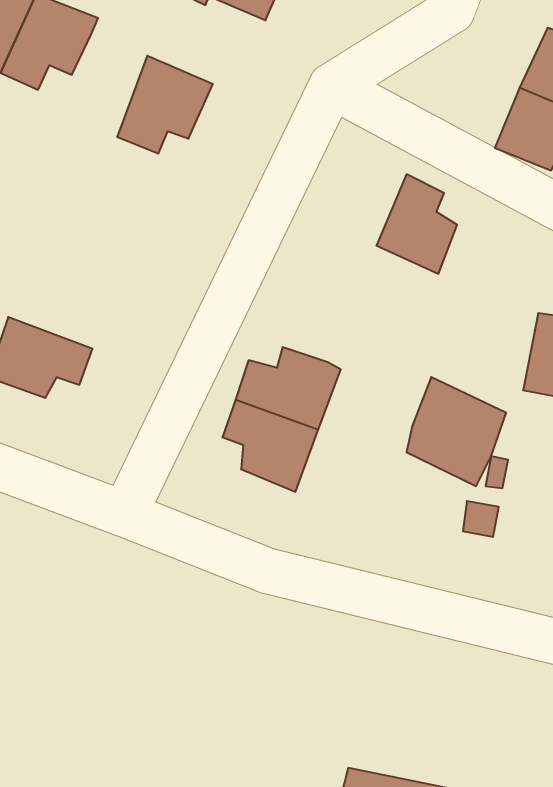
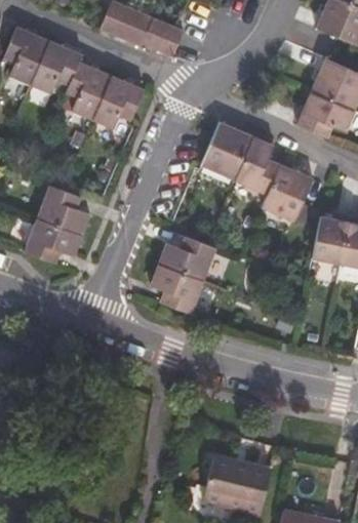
building: none -> [64,63,107,118]
building: none -> [206,128,248,177]
building: none -> [31,182,85,234]
building: [407,377,506,486] -> [263,166,317,226]

